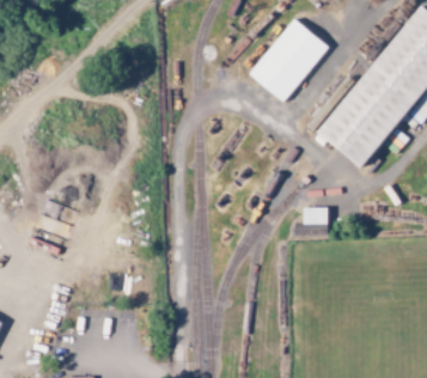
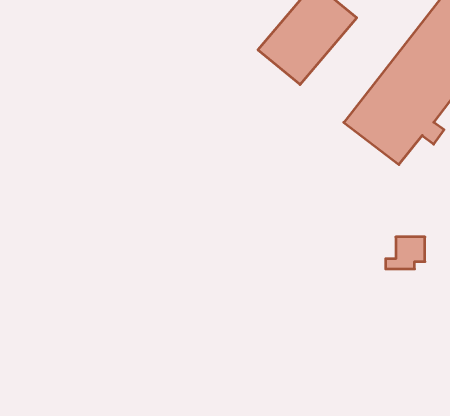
building: [295,207,328,233] -> [386,237,425,269]

